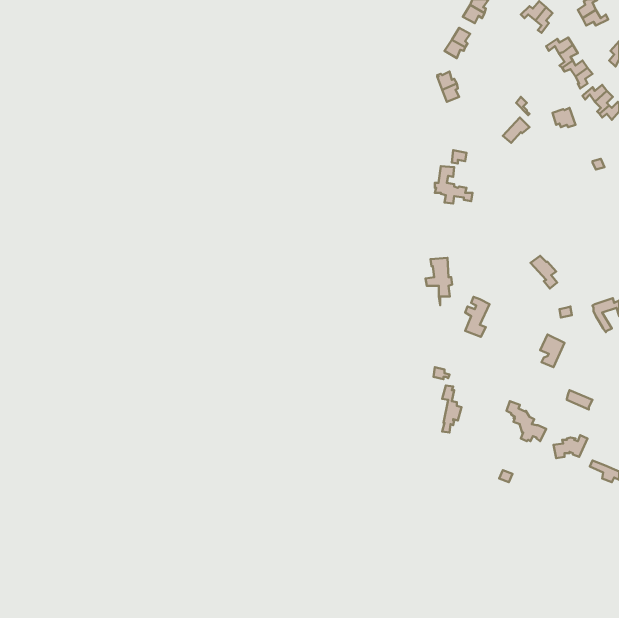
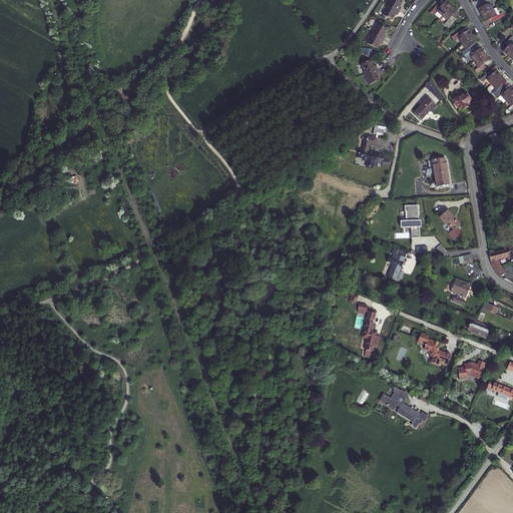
building: none -> [429,157,450,186]
building: [426,258,452,305] -> [400,205,422,244]
building: none -> [382,386,426,426]

